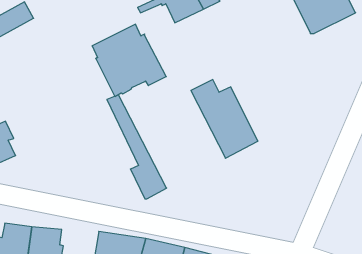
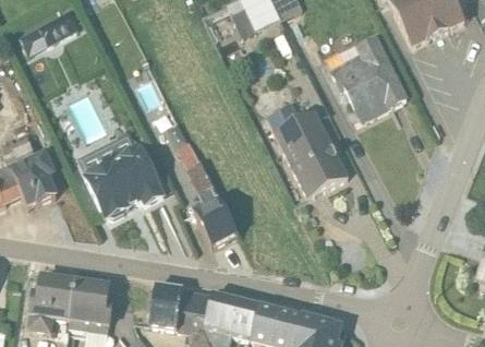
building: [92,24,166,96] -> [77,132,167,219]
building: none -> [326,36,409,117]

